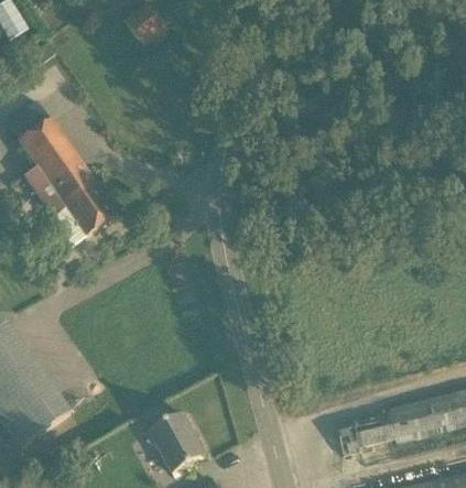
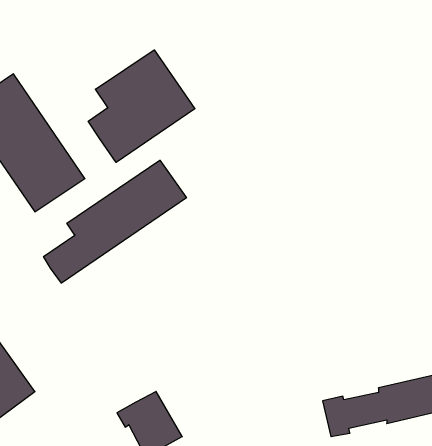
building: none -> [88,50,195,162]
building: none -> [44,160,186,283]

